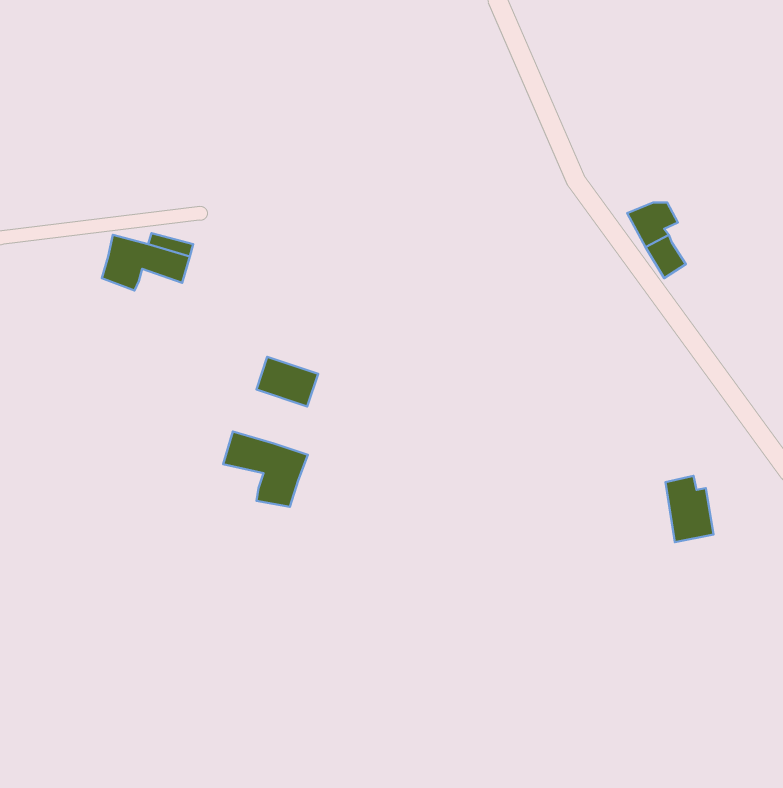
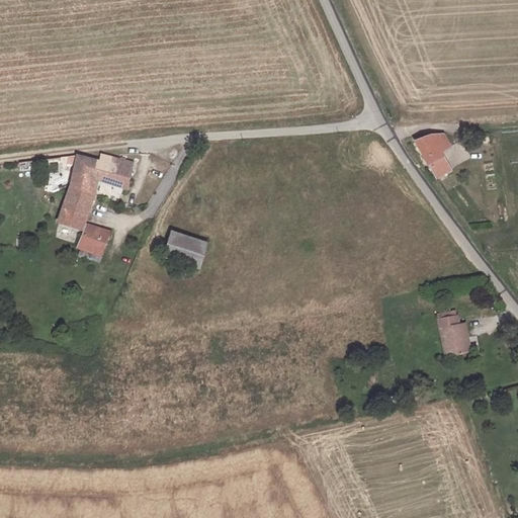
building: none -> [57,182,92,227]
building: none -> [76,223,106,253]
building: [223,432,308,507] -> none

